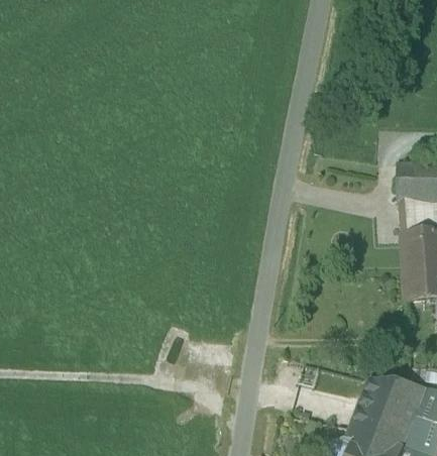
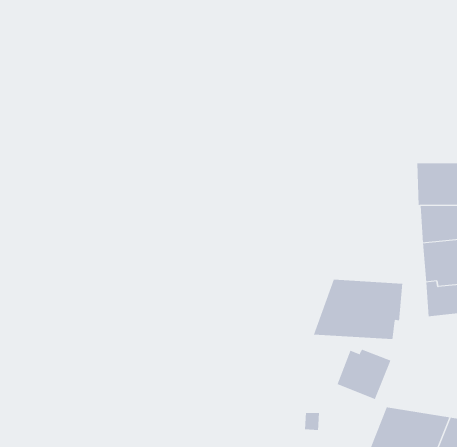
building: none -> [313,279,403,340]
building: none -> [337,349,391,400]

